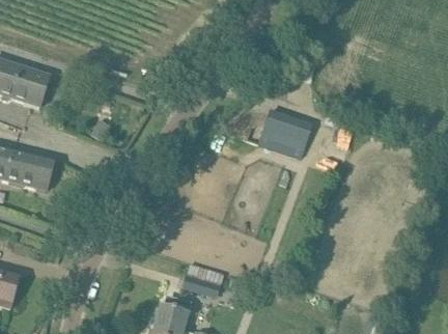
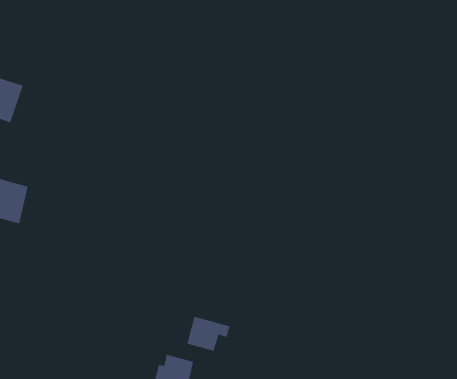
building: [258,111,311,157] -> none

